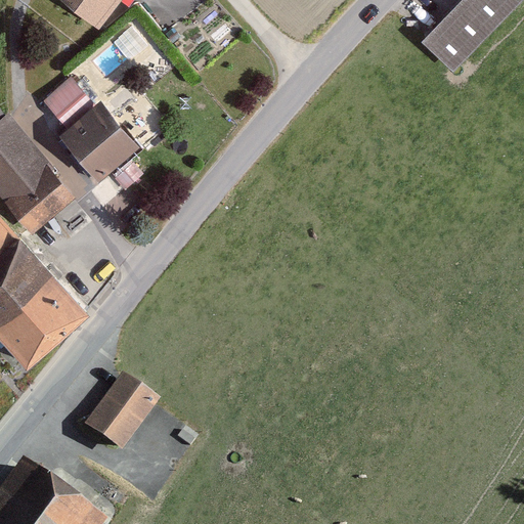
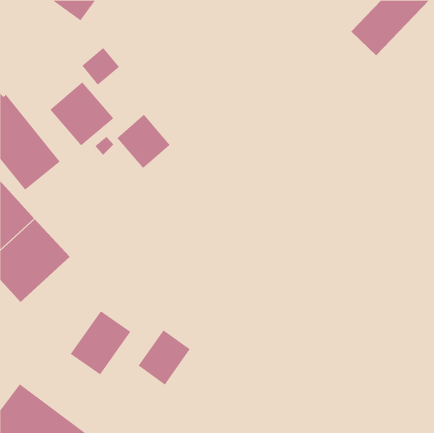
building: [43,78,89,124] -> [81,47,120,85]
building: none -> [117,114,171,169]
building: none -> [138,329,191,385]

